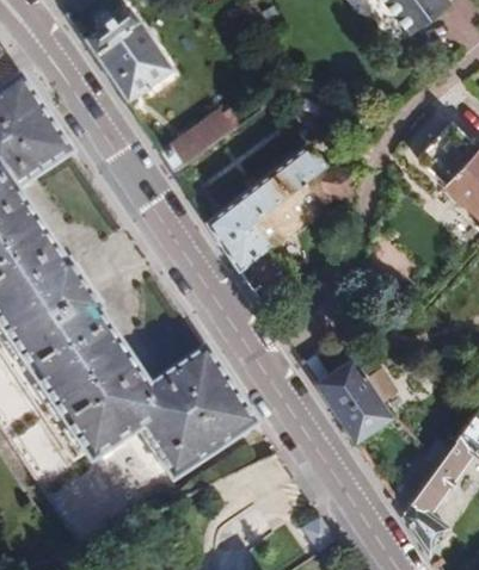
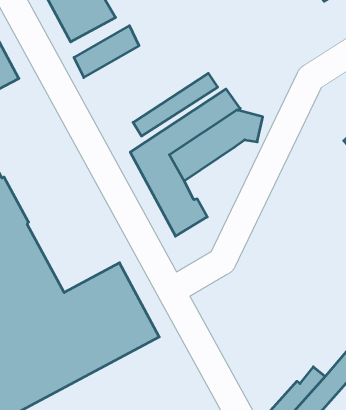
building: [161,110,233,173] -> [74,26,139,78]
building: [315,359,392,440] -> none

